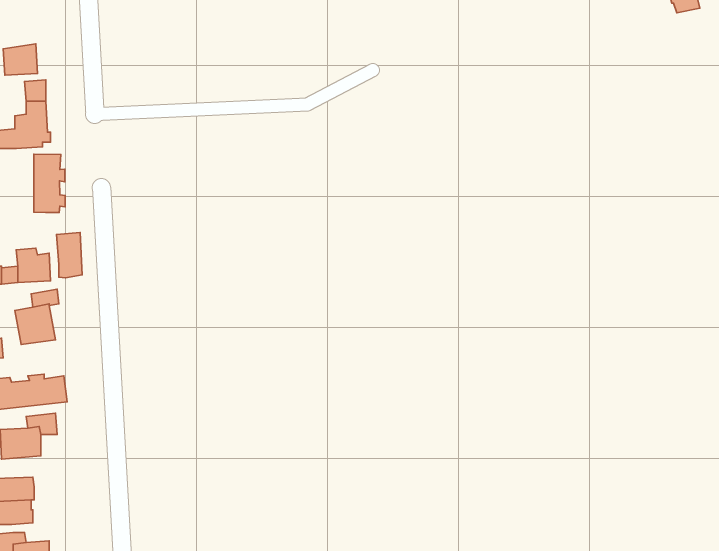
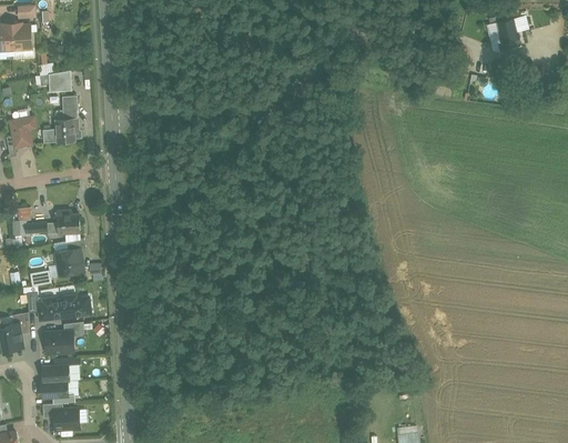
building: [34,154,65,213] -> none
building: [57,233,82,278] -> none

